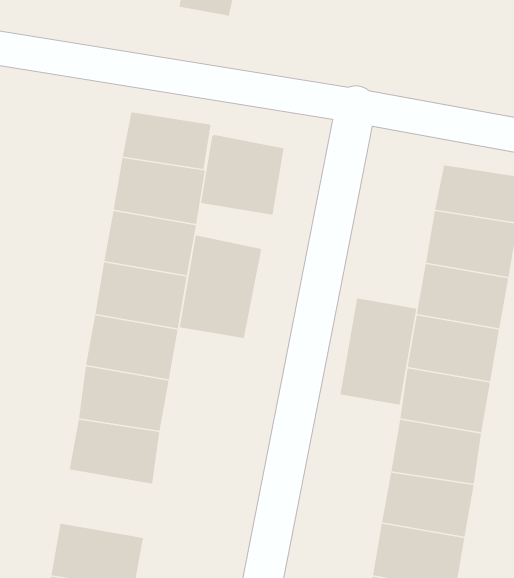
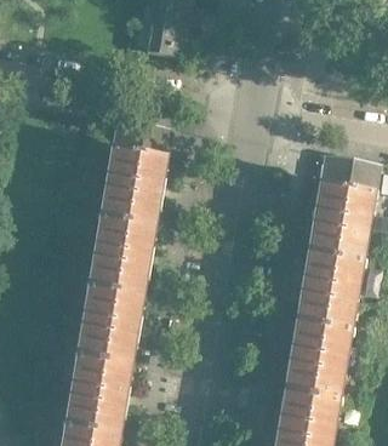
building: [200,134,284,216] -> none
building: [179,235,262,339] -> none
building: [339,298,417,405] -> none
building: none -> [70,355,132,400]

